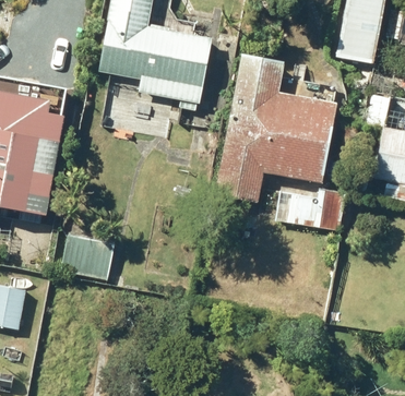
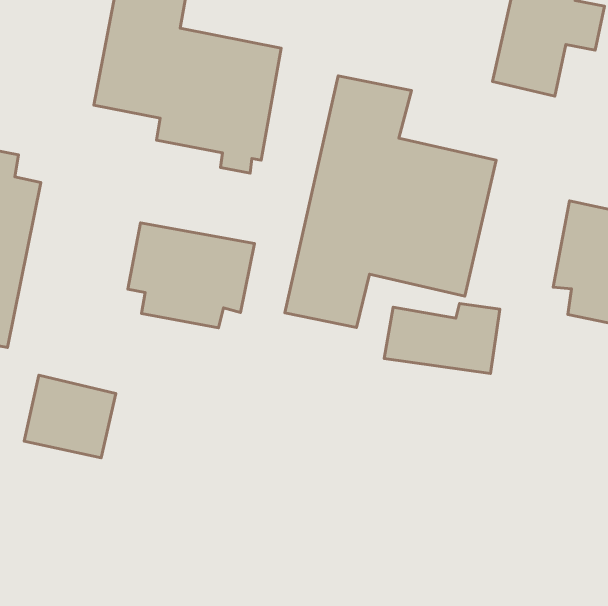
building: none -> [128,223,255,328]

